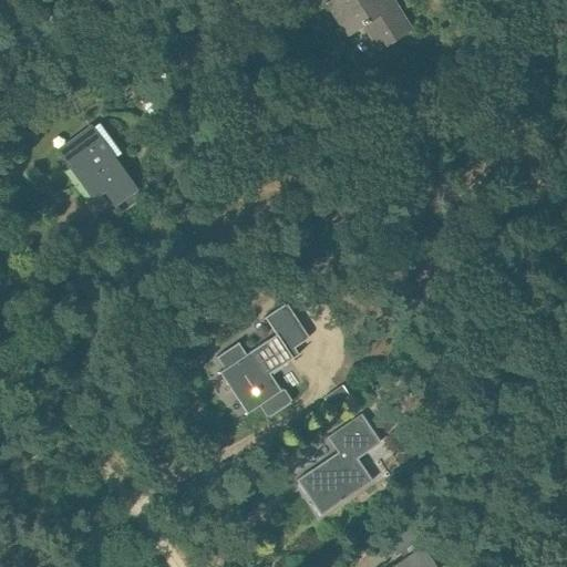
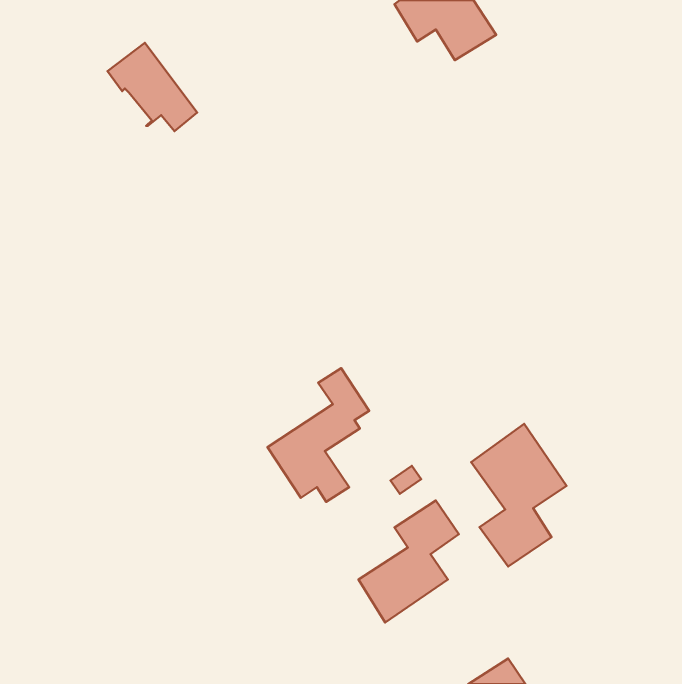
building: [61,127,135,200] -> [108,43,197,131]
building: none -> [471,424,566,567]

